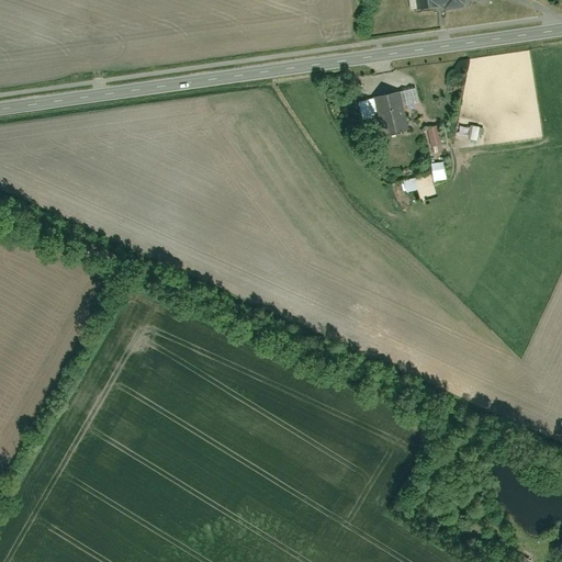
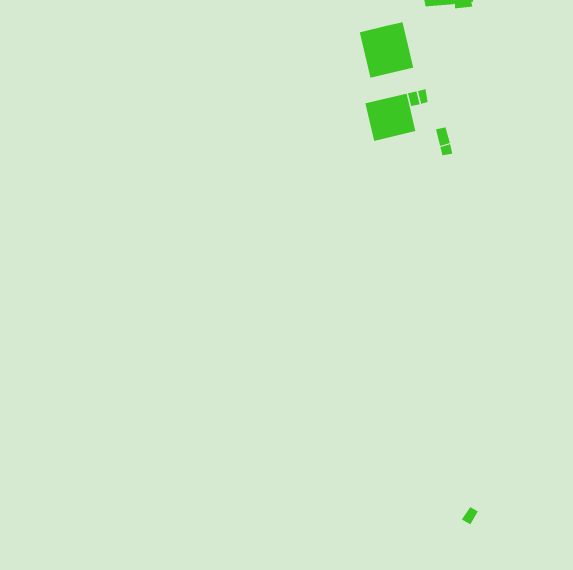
building: none -> [359,21,414,79]

